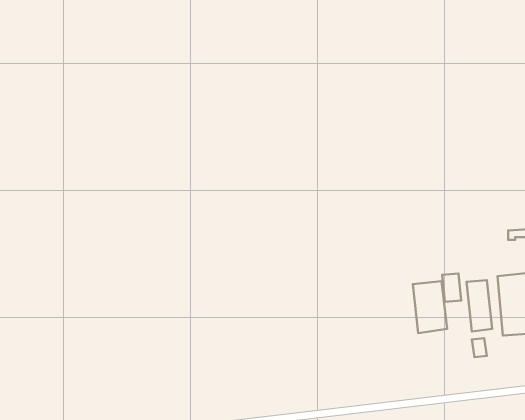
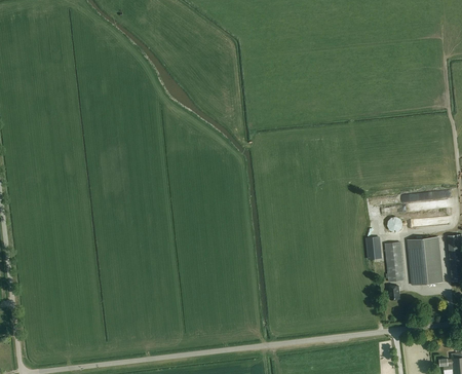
building: [413,281,447,333] -> none

